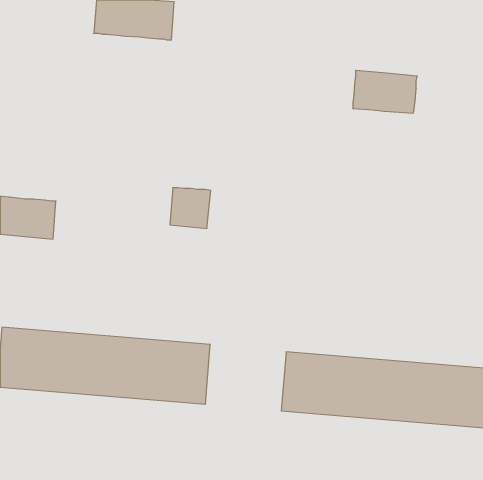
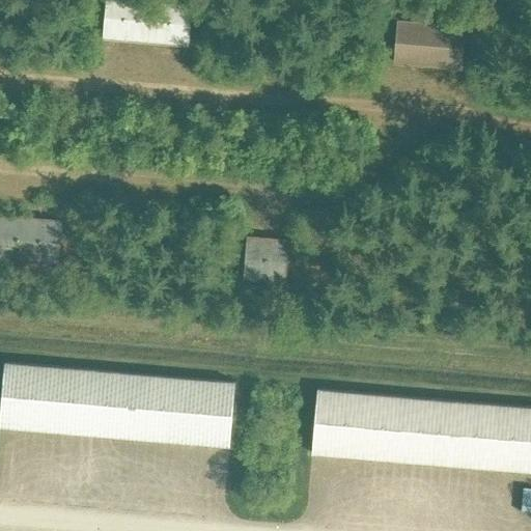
building: [353,70,417,113] -> [395,25,466,72]
building: [170,188,211,228] -> [245,242,289,286]

